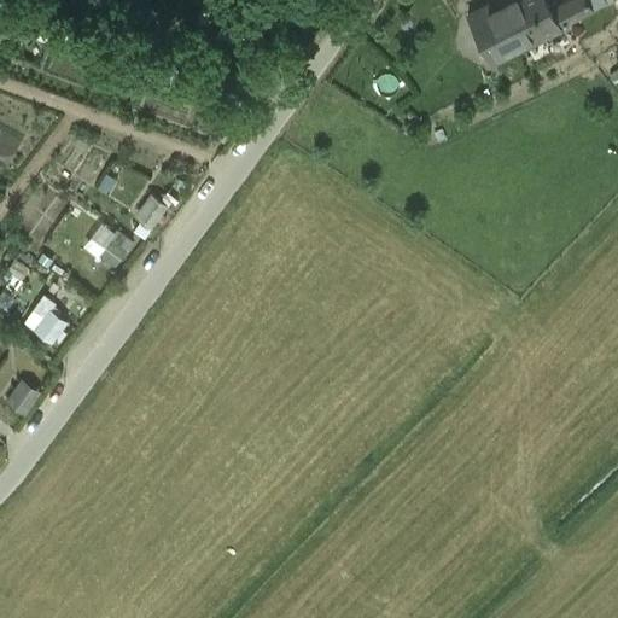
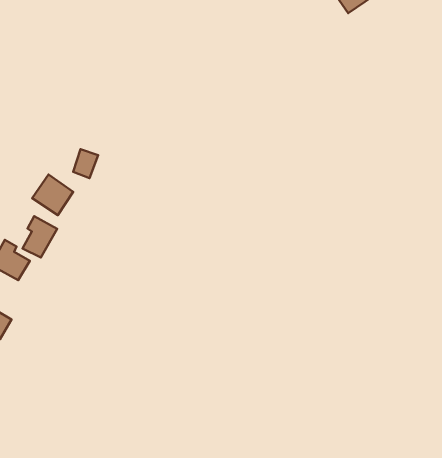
building: none -> [23,216,57,257]

